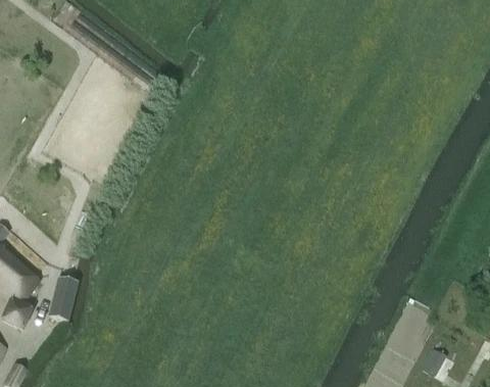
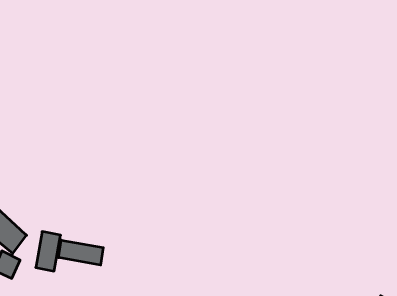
building: none -> [59,240,103,265]

